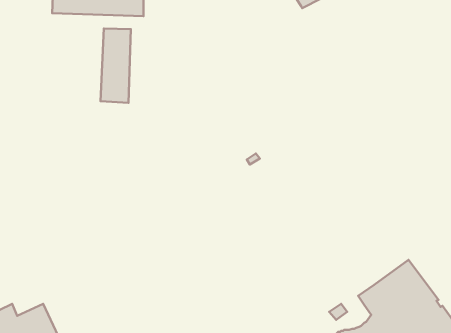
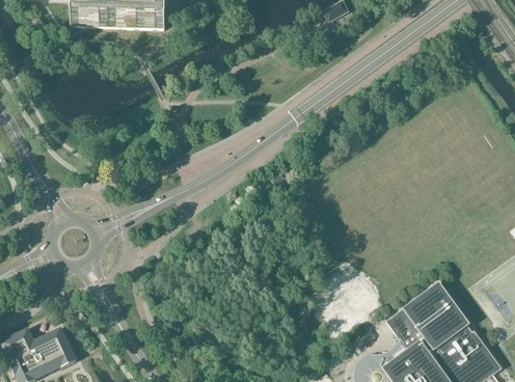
building: [101,28,131,103] -> none

